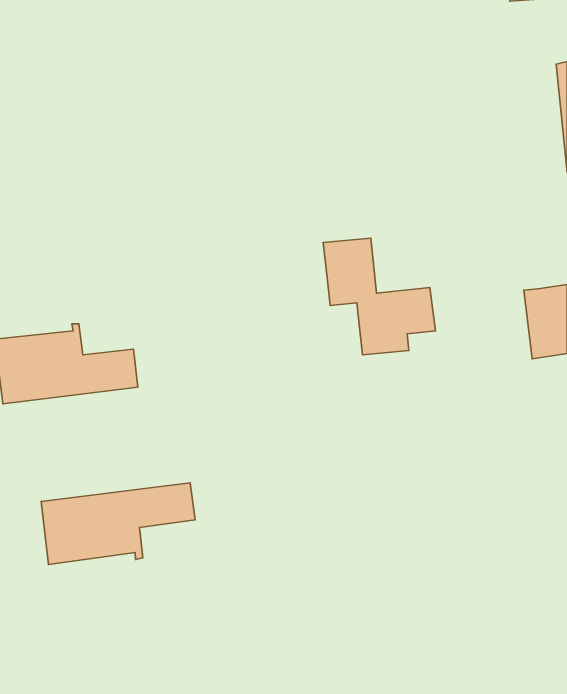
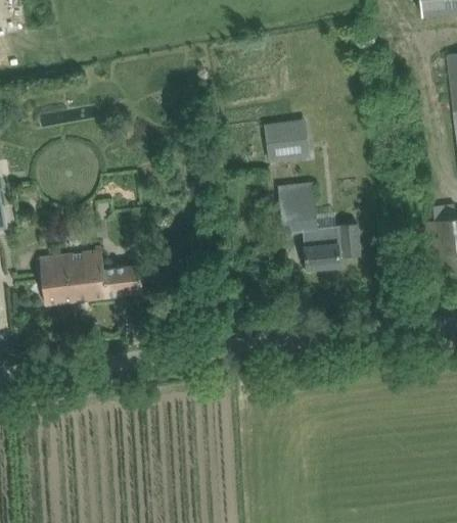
building: none -> [265,120,310,160]
building: [41,483,195,565] -> none

